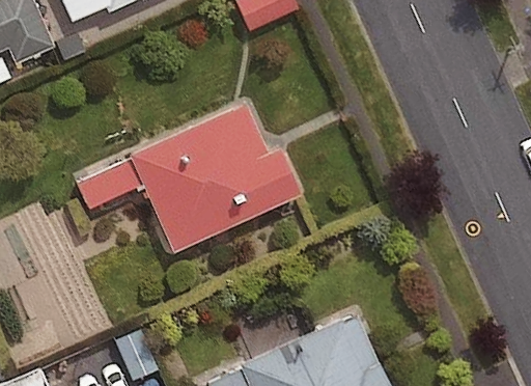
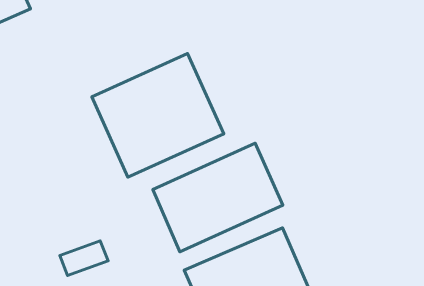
building: none -> [153,143,283,252]

